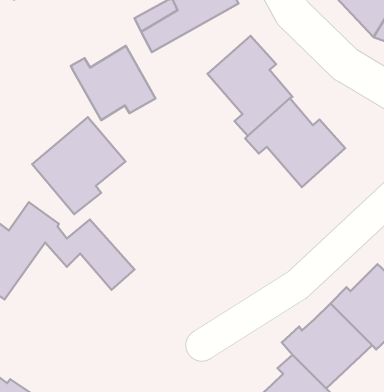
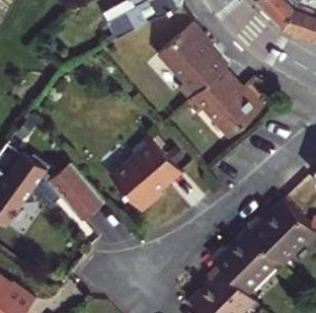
building: [71,46,156,120] -> none
building: [32,117,126,214] -> [112,134,182,207]

